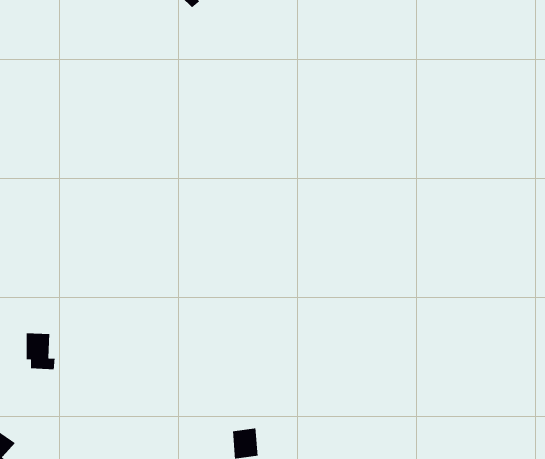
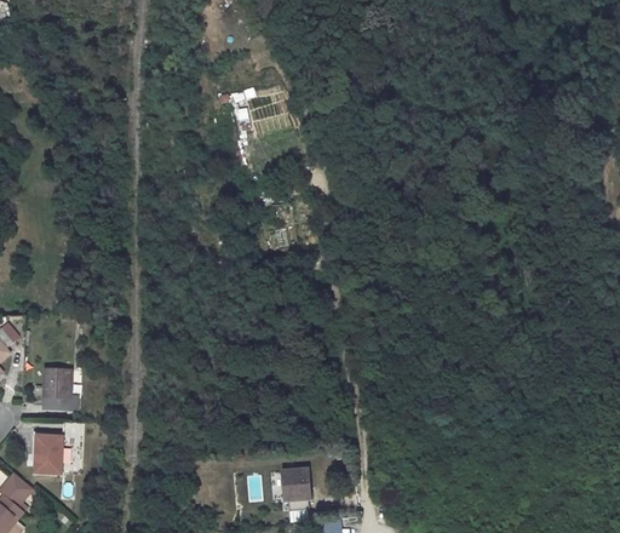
building: none -> [34,432,63,472]

